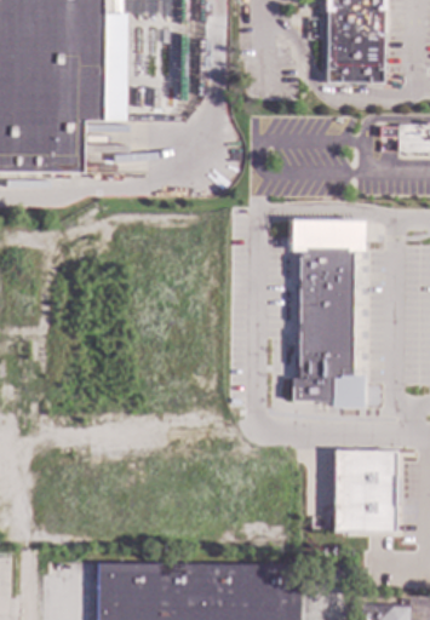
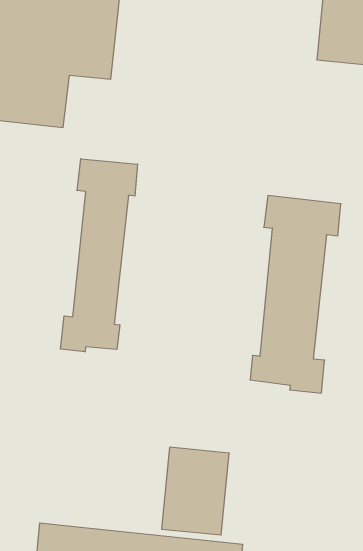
building: none -> [61,159,138,352]
building: [334,453,394,534] -> [162,447,229,535]

